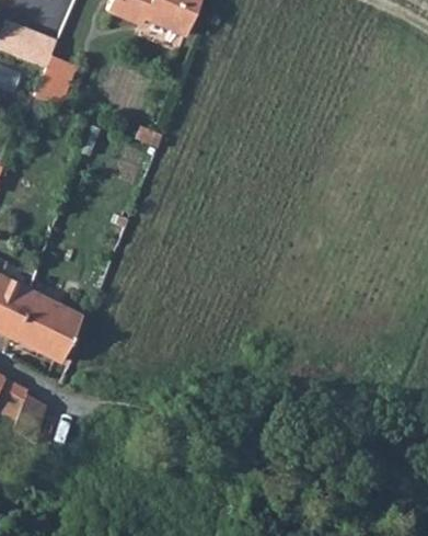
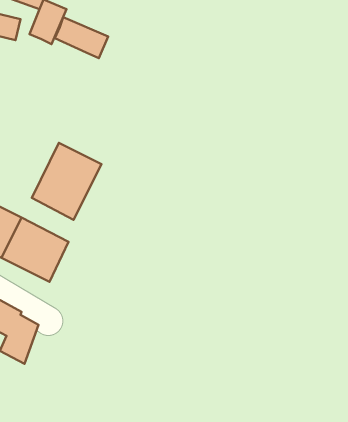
building: none -> [55,17,108,58]
building: none -> [32,143,101,220]

